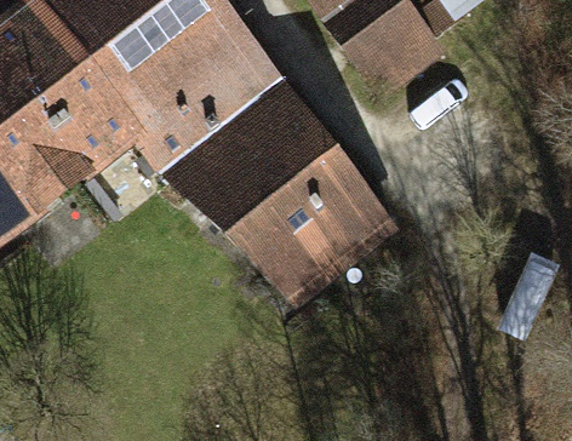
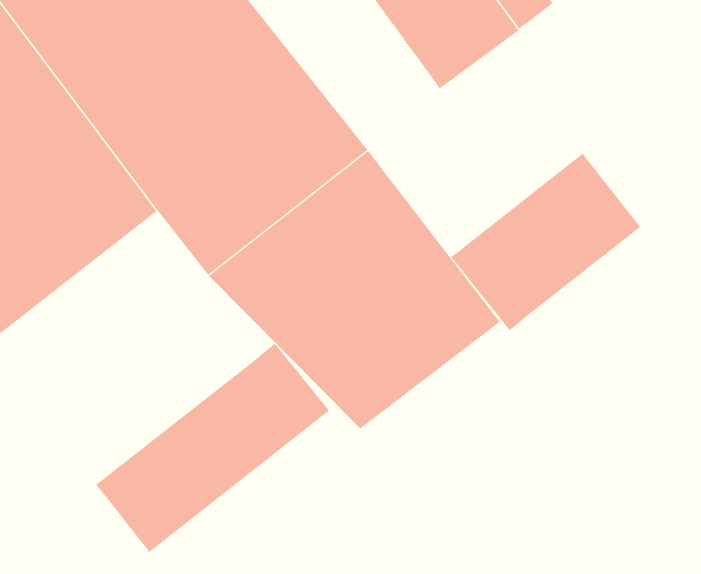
building: none -> [451,153,642,331]
building: none -> [95,343,330,553]

